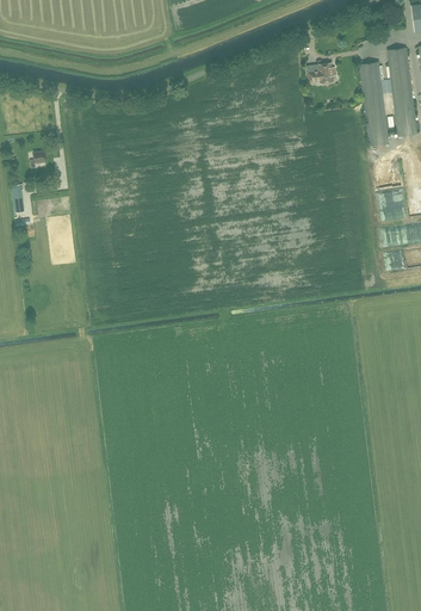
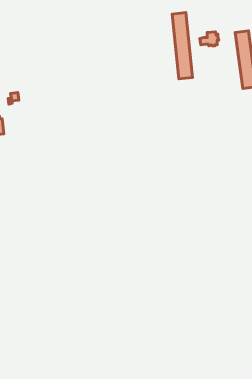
building: none -> [172,13,192,79]

